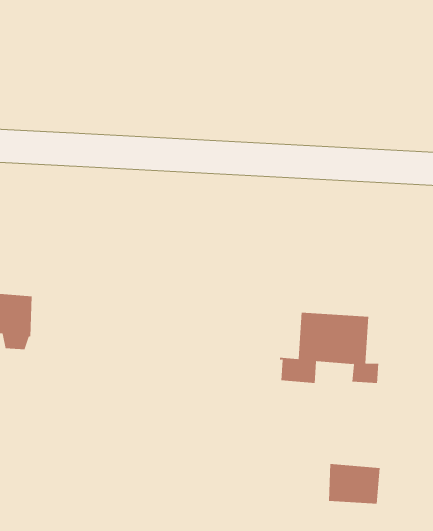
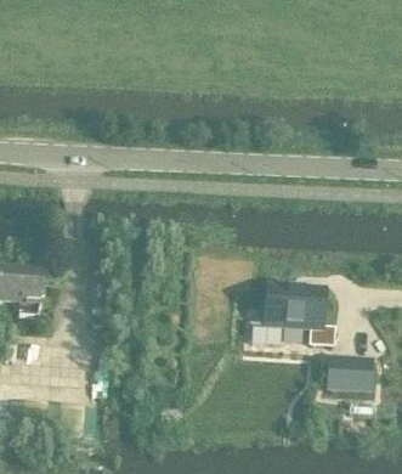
building: [328,463,380,504] -> [328,357,372,391]

